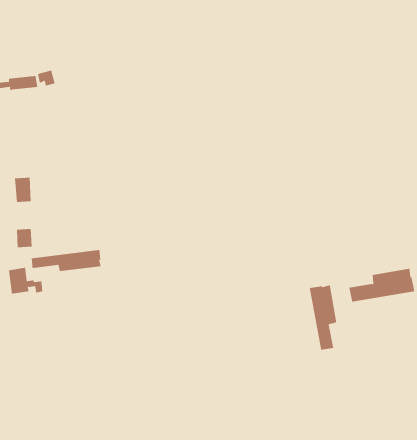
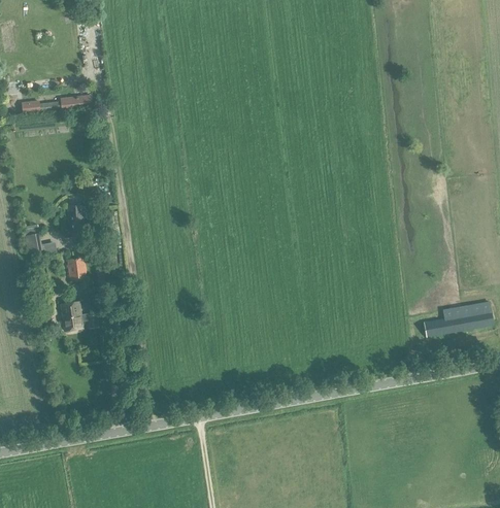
building: [31,249,101,272] -> none
building: [309,285,337,351] -> none

